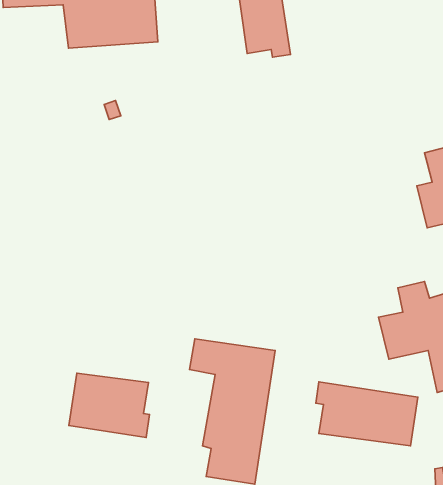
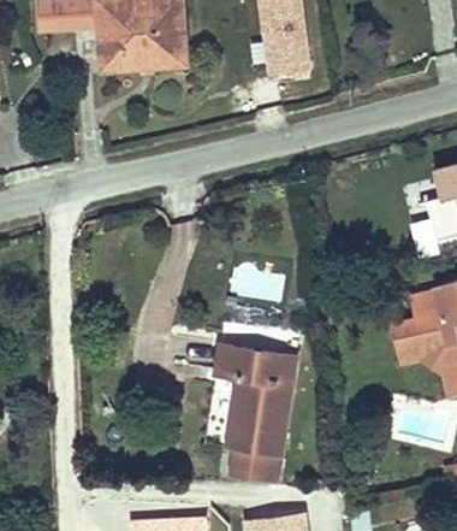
building: [69,373,150,437] -> none
building: [316,382,418,446] -> none

